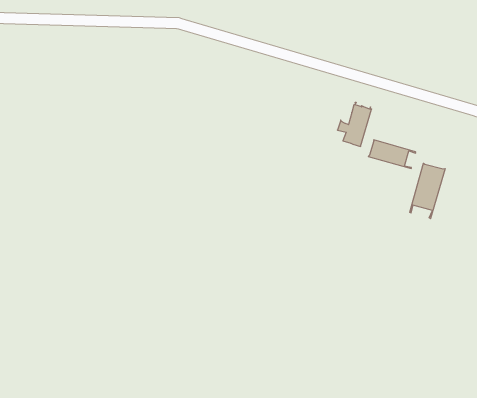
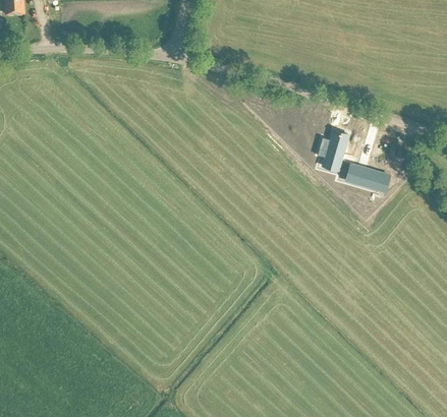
building: [410,163,445,219] -> none

